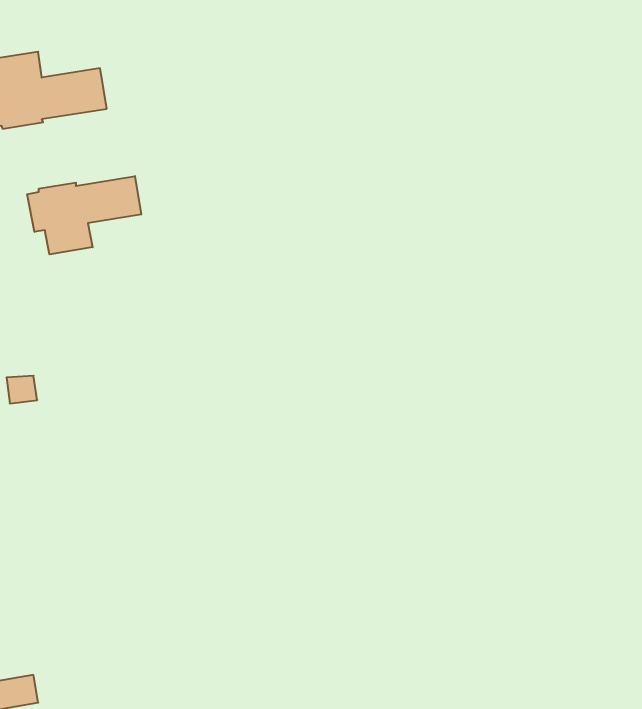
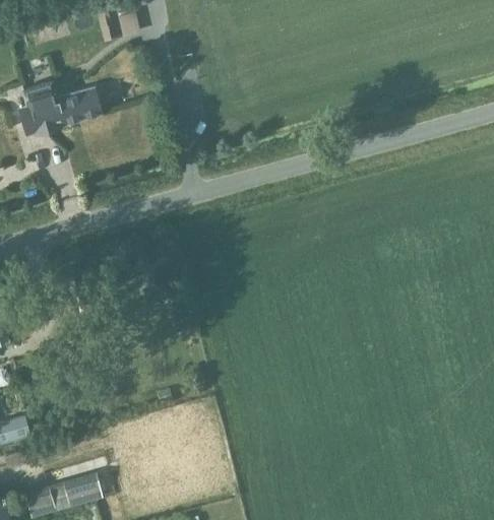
building: [27,176,141,254] -> none

